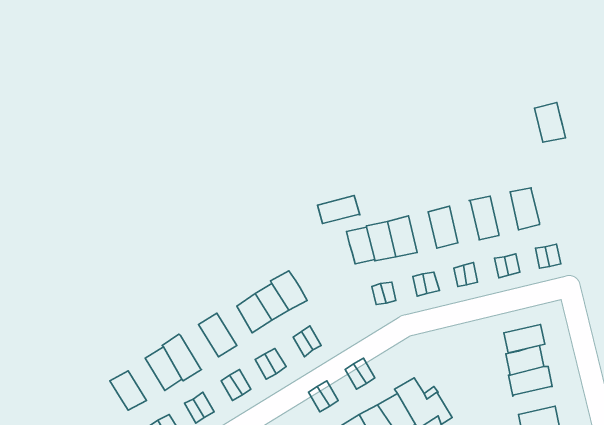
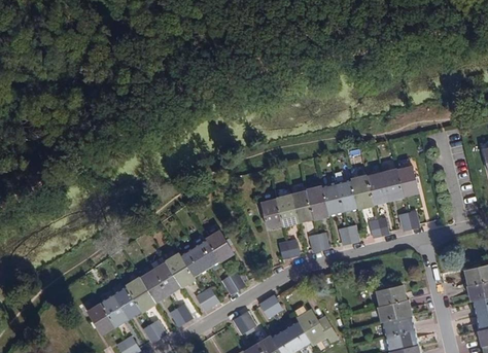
building: [534,103,565,142] -> [395,167,418,196]
building: none -> [365,173,386,204]
building: [318,195,360,224] -> none
building: none -> [336,180,357,210]
building: none -> [306,186,326,217]
building: none -> [165,252,194,286]
building: none -> [139,270,167,302]
building: [504,324,545,353] -> [383,315,413,336]
building: none -> [100,294,128,325]

